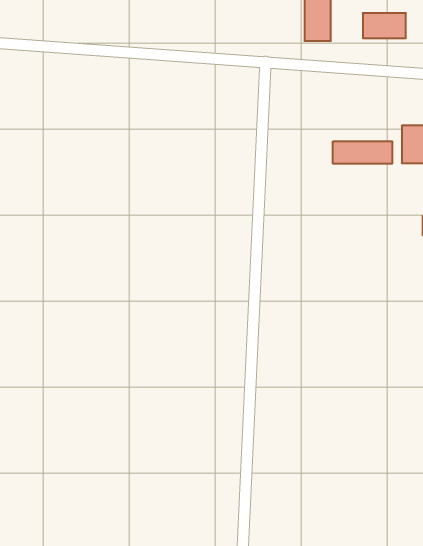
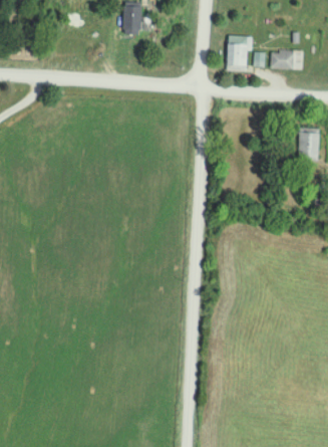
building: [333,141,392,164] -> none

